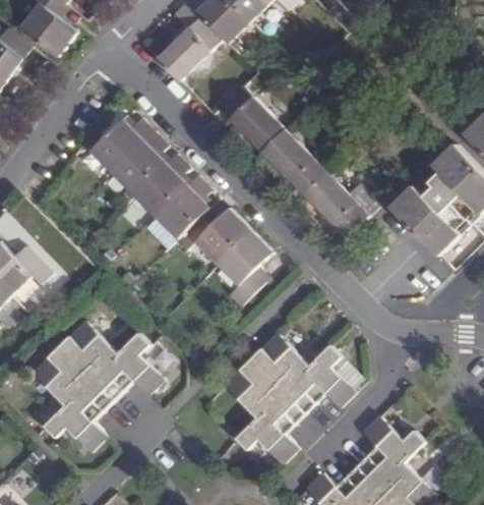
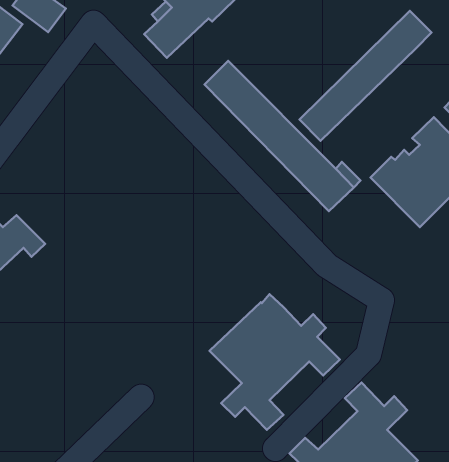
building: none -> [300,11,432,141]
building: [88,116,274,306] -> none
building: [29,321,163,453] -> none

